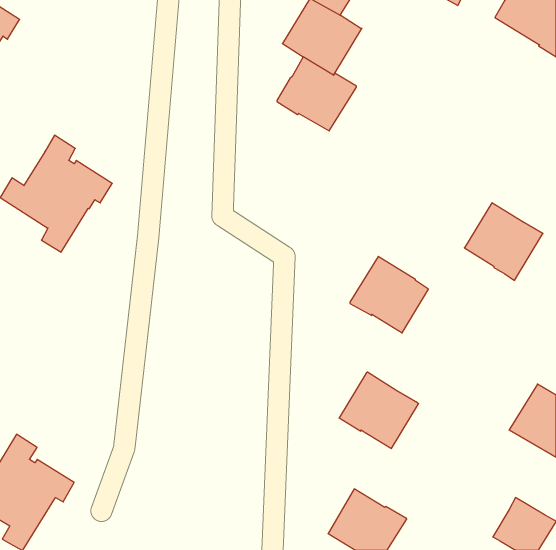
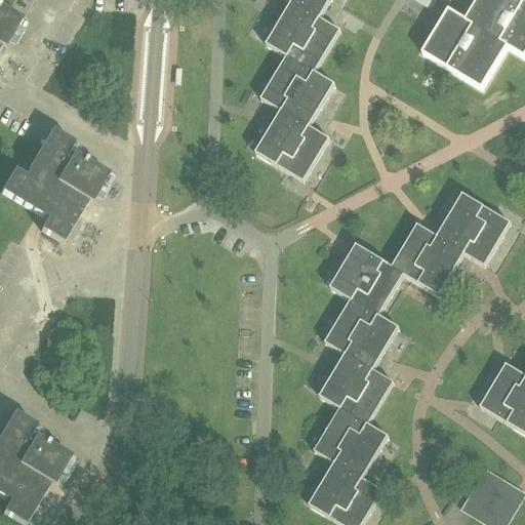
building: none -> [421,6,508,85]
building: none -> [255,107,329,178]
building: none -> [391,220,465,293]
building: none -> [324,295,399,367]
building: none -> [314,404,389,477]

